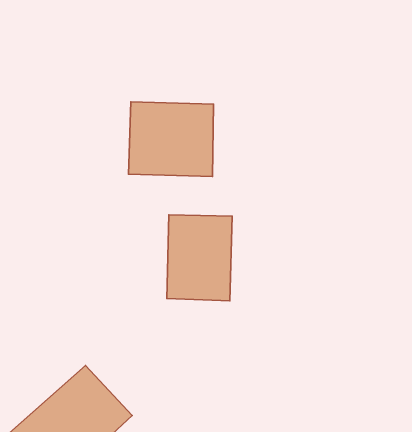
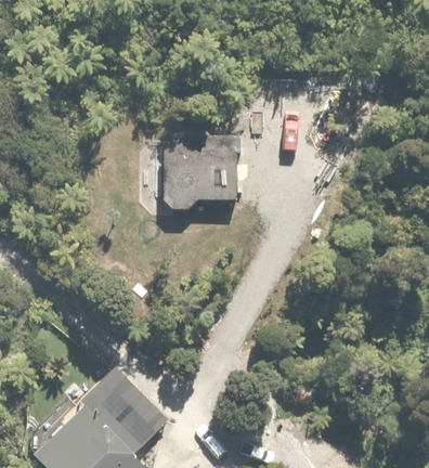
building: [167,215,232,301] -> none

